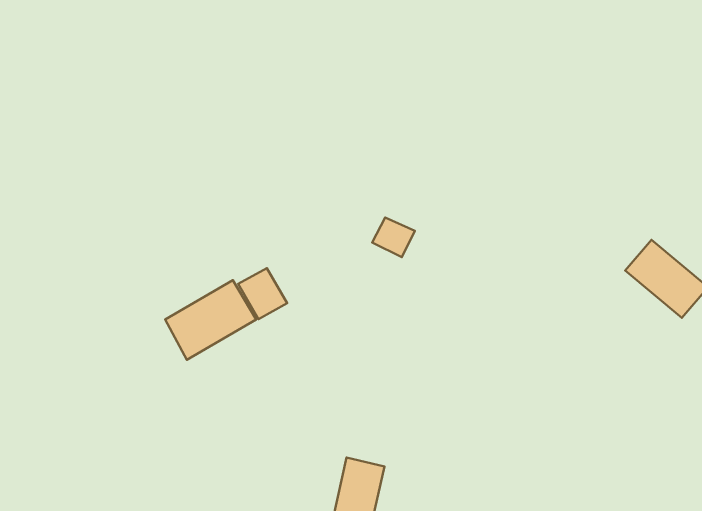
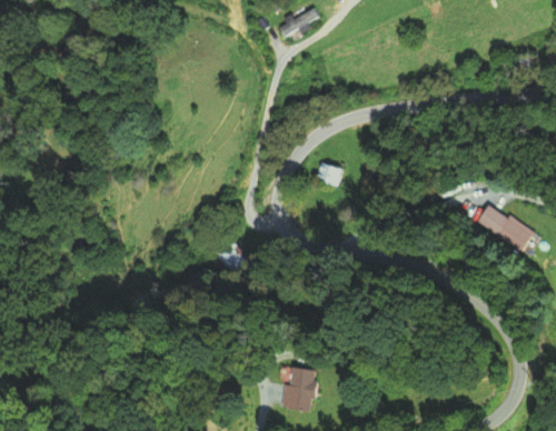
building: [372,217,415,257] -> [320,160,349,187]
building: [165,280,256,360] -> none

